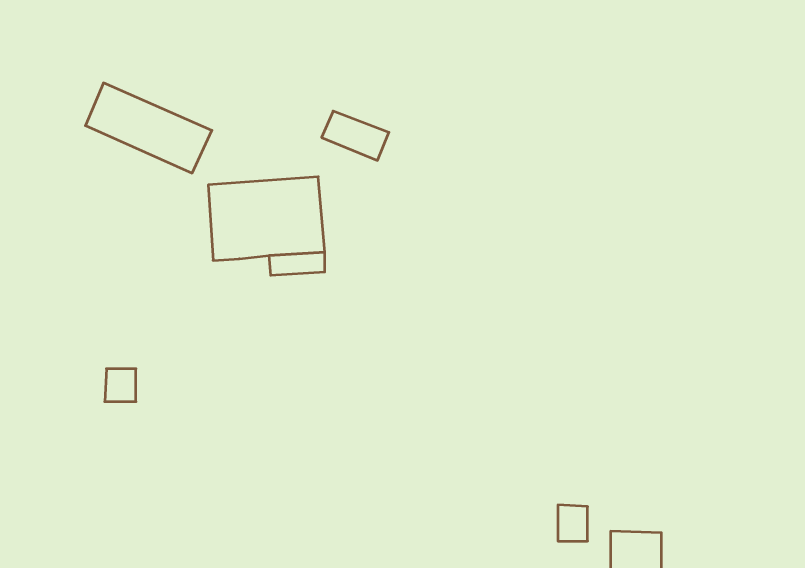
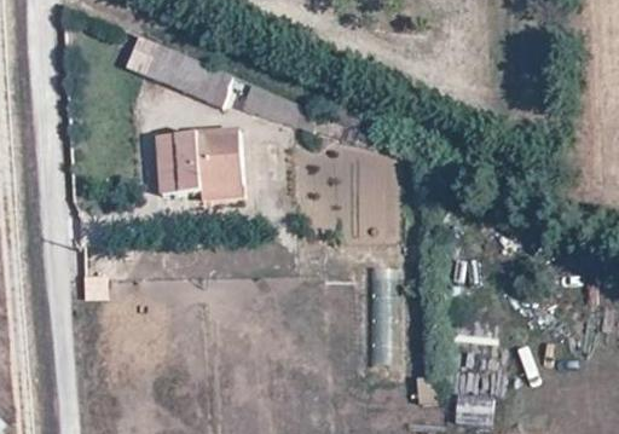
building: [85,83,212,173] -> [137,37,230,104]

